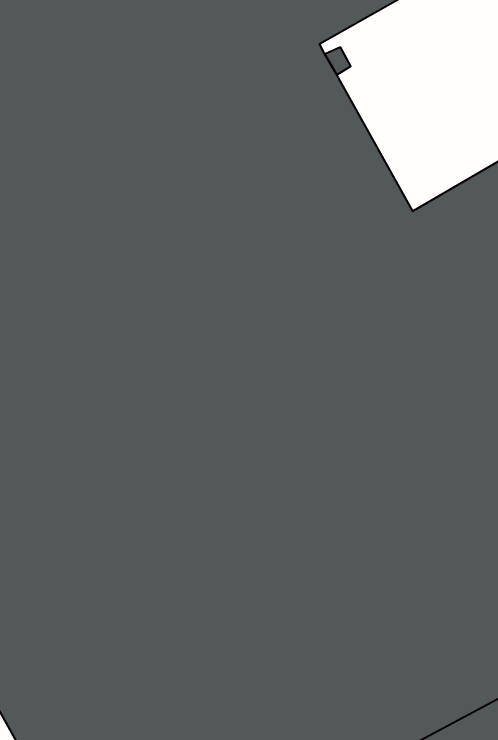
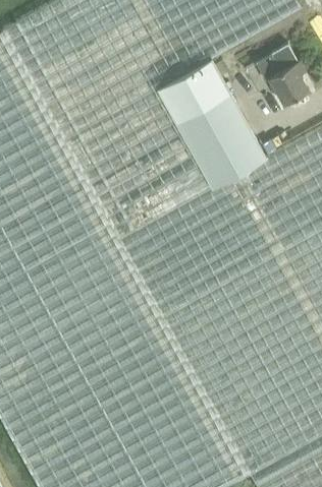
building: none -> [255,43,307,101]

